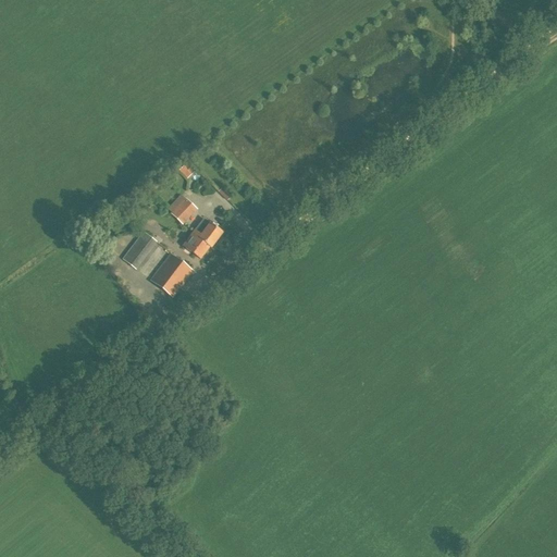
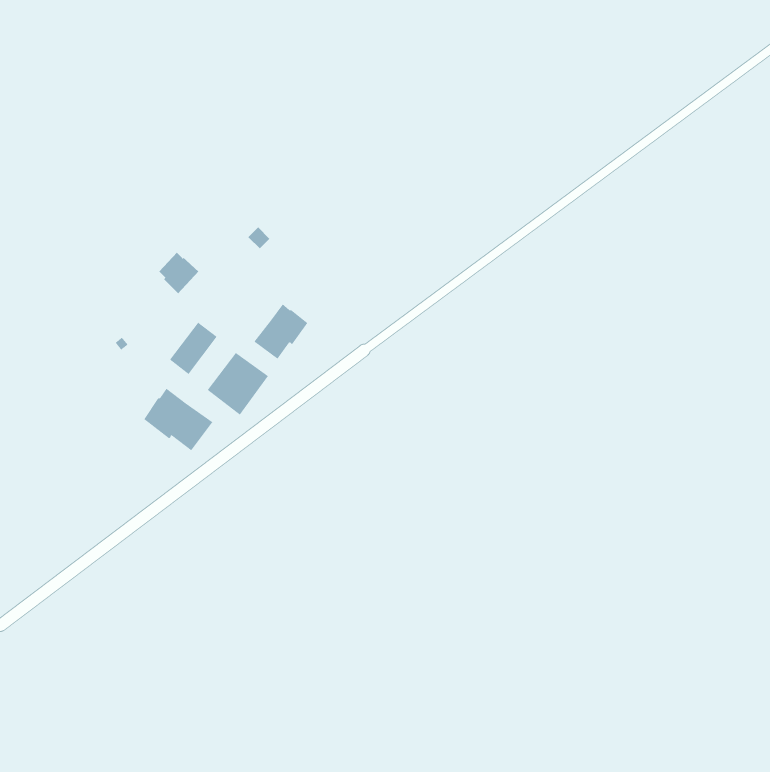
building: [169,195,198,225] -> [159,252,199,294]
building: none -> [143,388,213,451]

